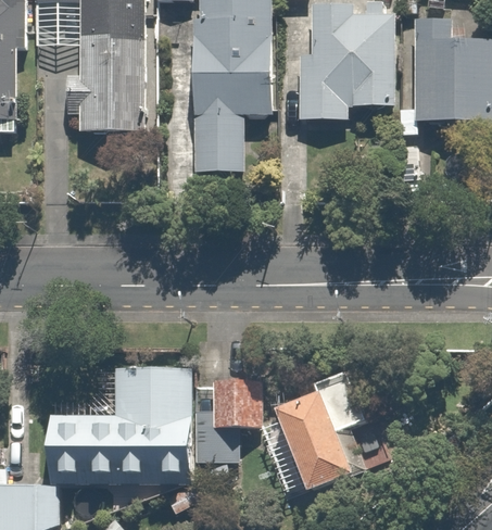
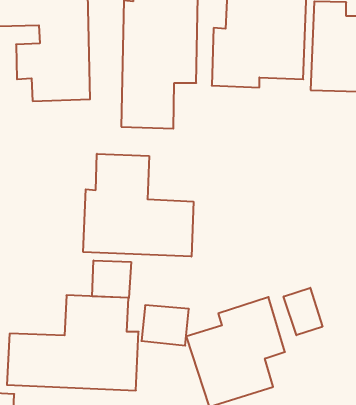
building: none -> [83,154,193,257]
building: none -> [92,260,131,298]
building: none -> [284,288,322,335]

